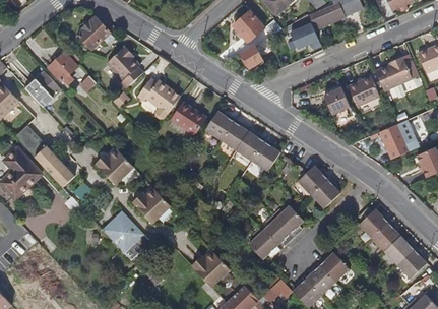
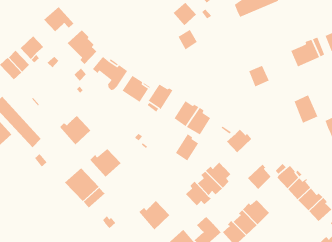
building: [289,22,317,48] -> none
building: [348,75,379,106] -> none
building: [218,118,248,152] -> [175,133,199,162]
building: [311,177,340,208] -> [247,164,272,190]

